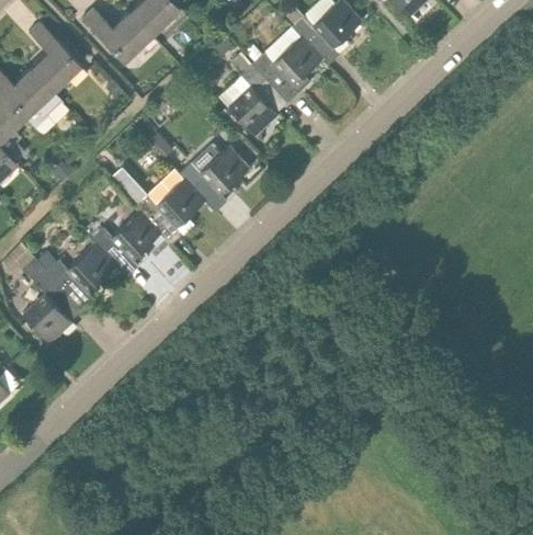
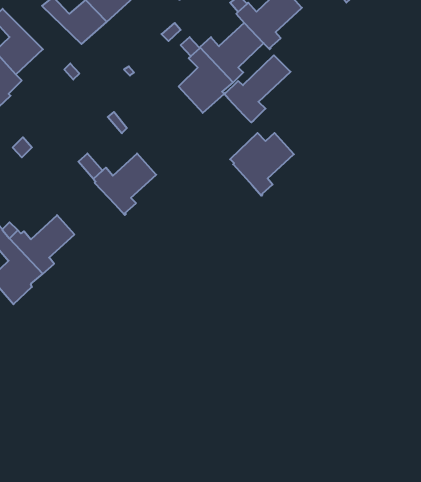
building: none -> [224,55,291,122]
building: [181,144,250,212] -> [230,133,294,196]
building: [91,209,160,276] -> none

